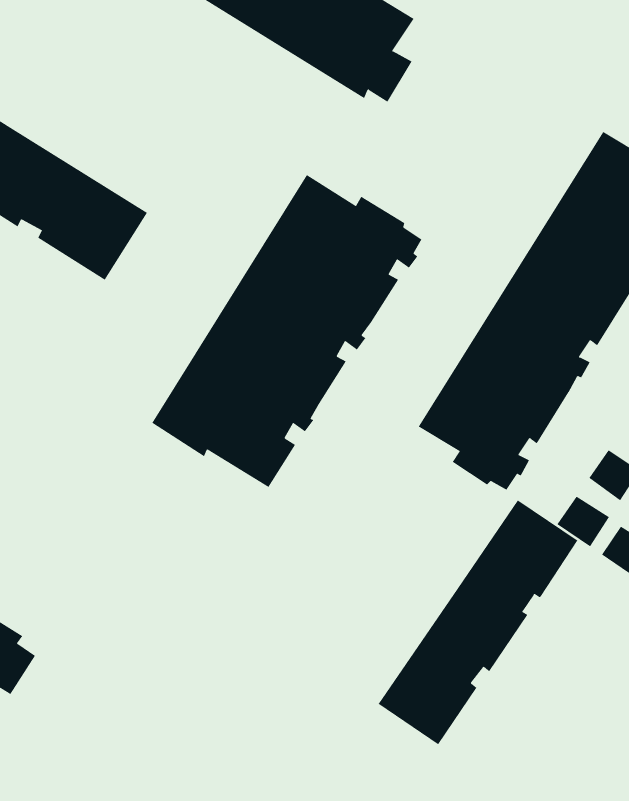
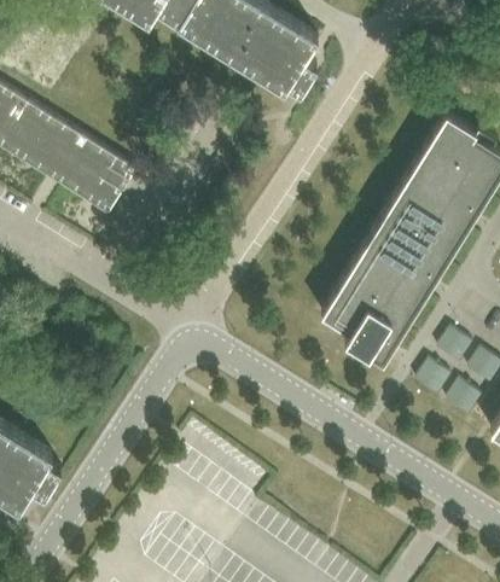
building: [151,174,422,488] -> none
building: [378,499,578,745] -> none

